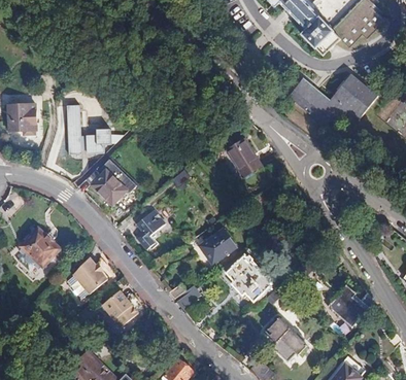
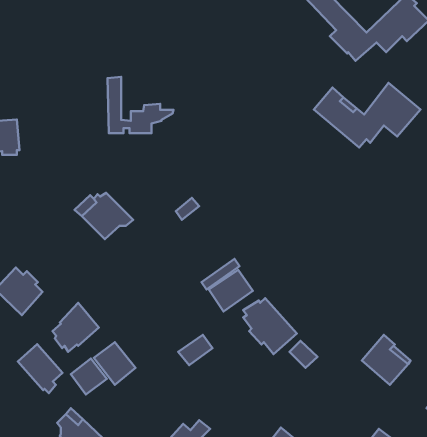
building: [68,107,124,154] -> [108,77,174,133]
building: [224,141,260,179] -> none
building: [135,209,162,248] -> none
building: none -> [18,344,62,393]
building: none -> [71,358,107,395]
building: [267,317,307,360] -> none

